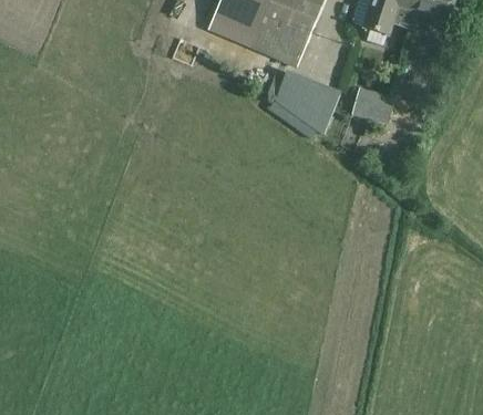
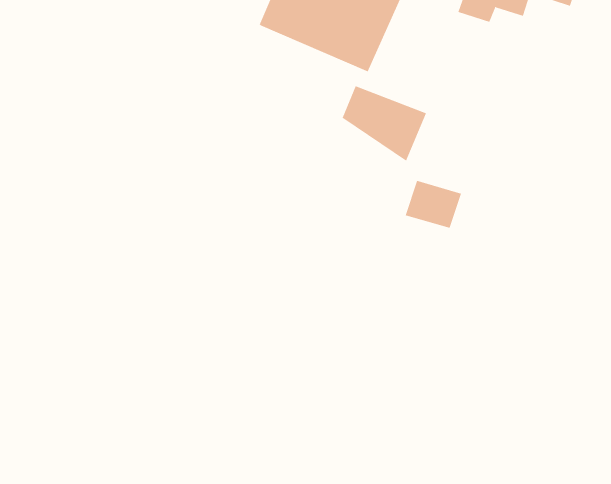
building: [350,87,393,124] -> [405,180,462,229]

